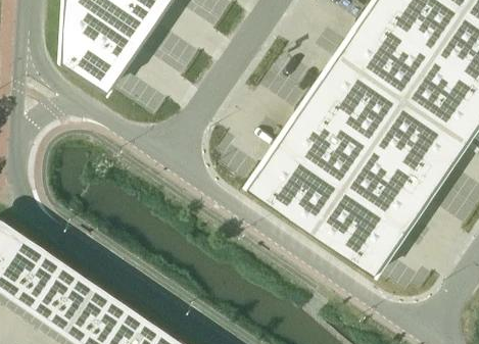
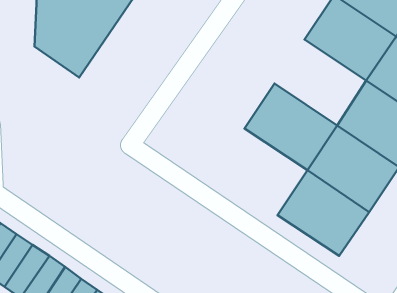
building: [308,53,402,141] -> none
building: [247,144,342,233] -> none

